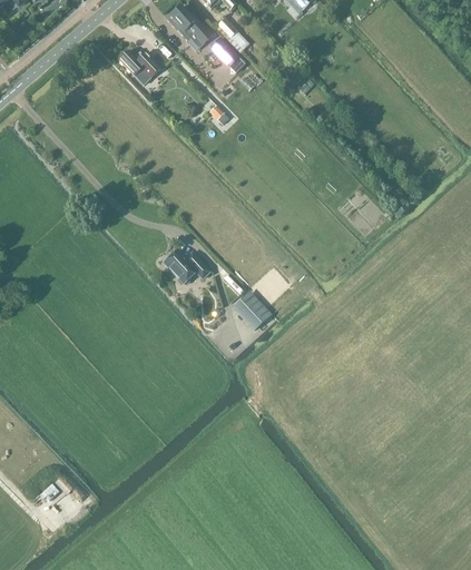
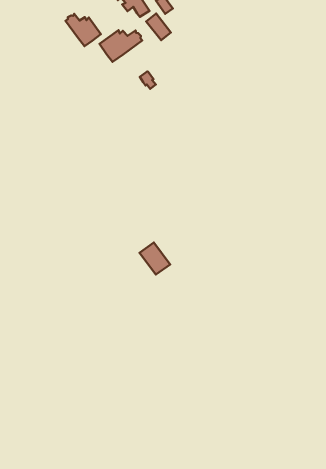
building: none -> [100,30,142,62]
building: [164,248,209,283] -> none

